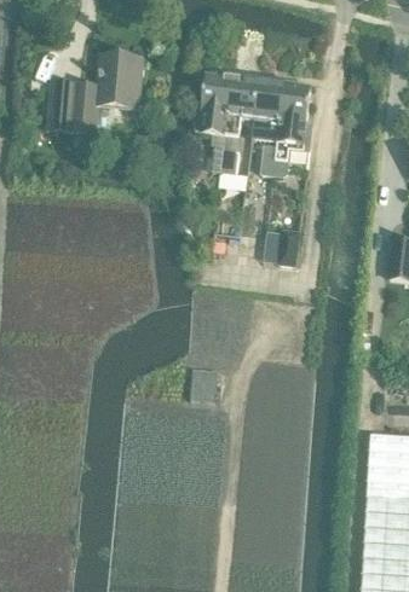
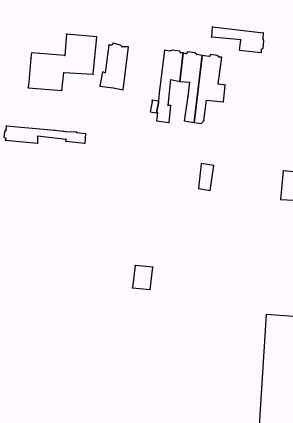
building: none -> [212,27,264,53]
building: [195,70,234,133] -> [100,43,128,90]
building: none -> [4,126,85,143]

